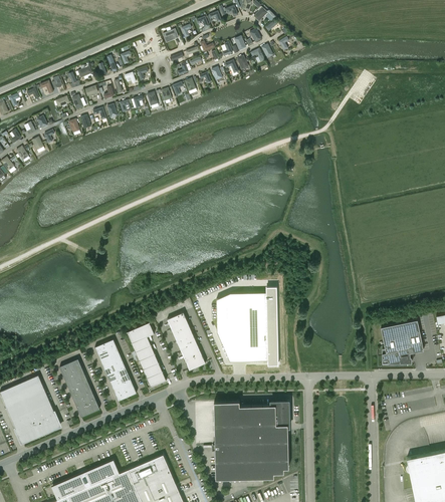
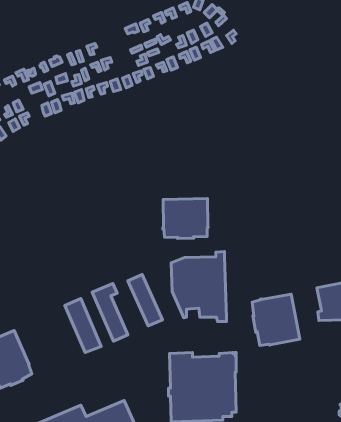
building: none -> [163,198,208,239]
building: none -> [252,294,300,346]
building: [59,359,100,418] -> none

